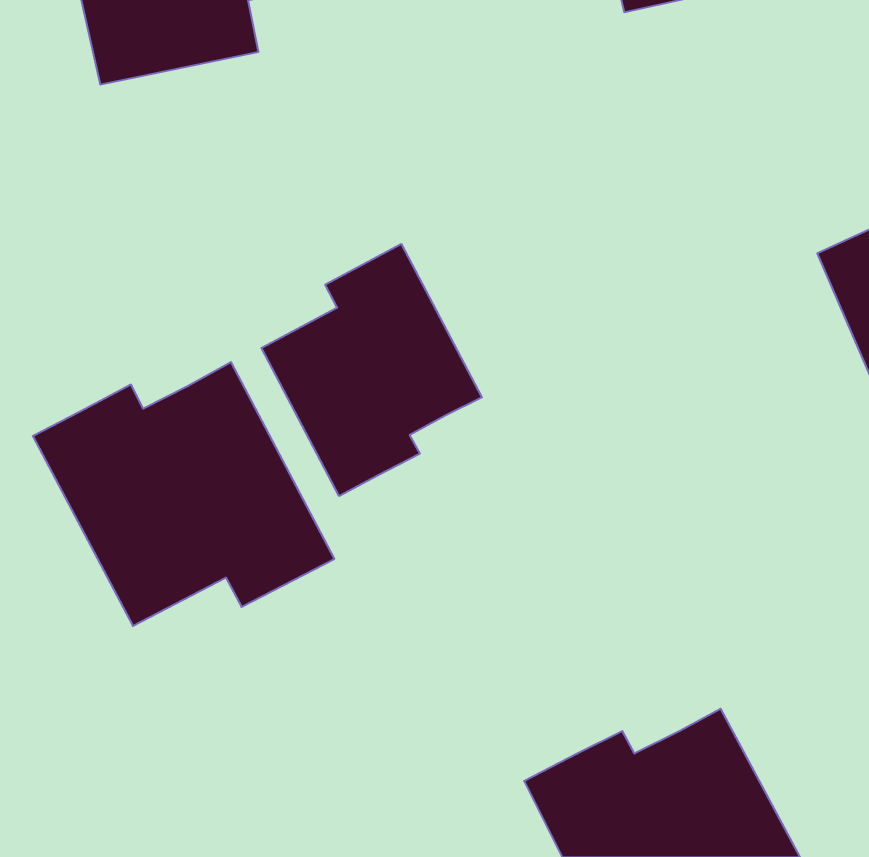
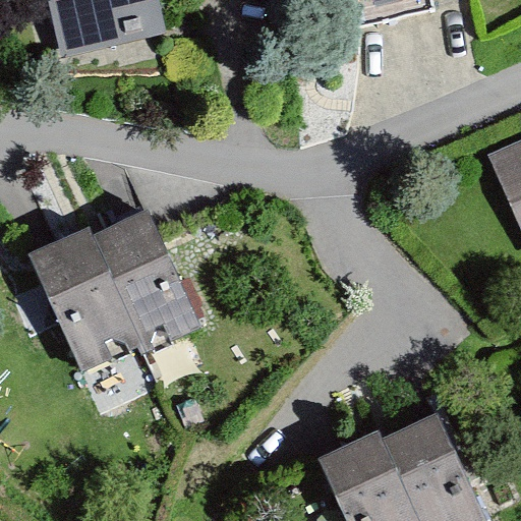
building: [261,244,482,496] -> none

